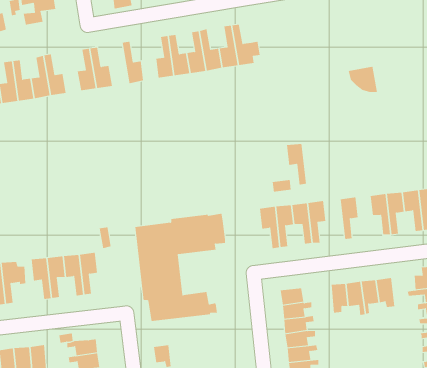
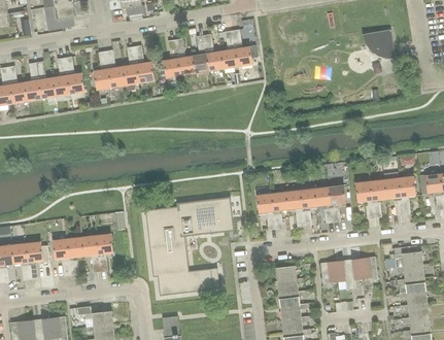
building: none -> [123,46,140,91]
building: [348,66,378,93] -> [369,30,396,54]
building: [286,144,307,185] -> [314,186,333,224]

